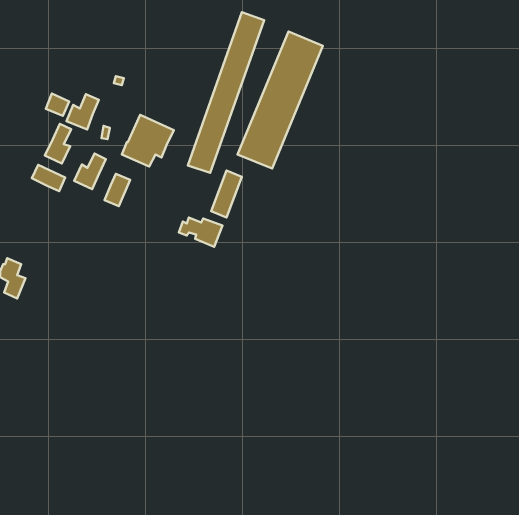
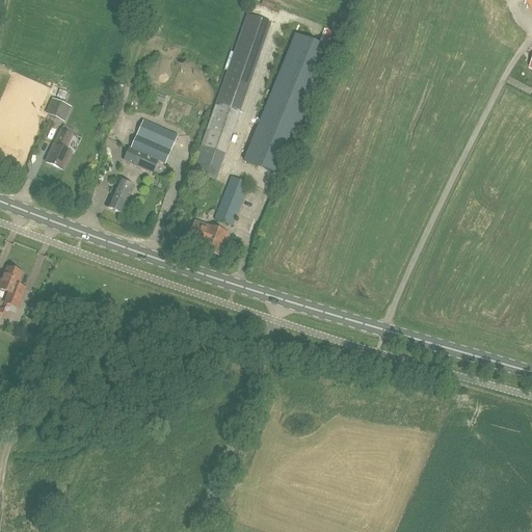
building: [67,94,99,129] -> none
building: [74,154,106,189] -> none
building: [32,165,65,191] -> none

